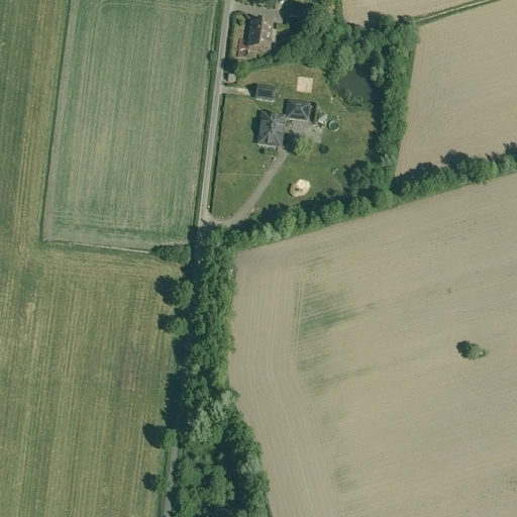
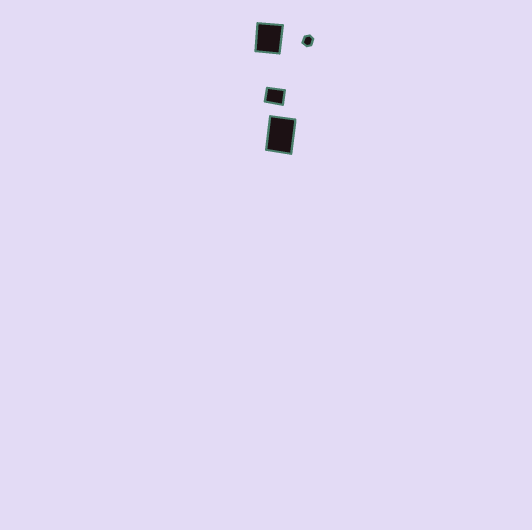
building: [285,100,310,121] -> none

